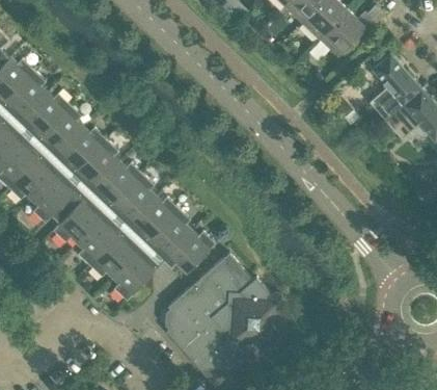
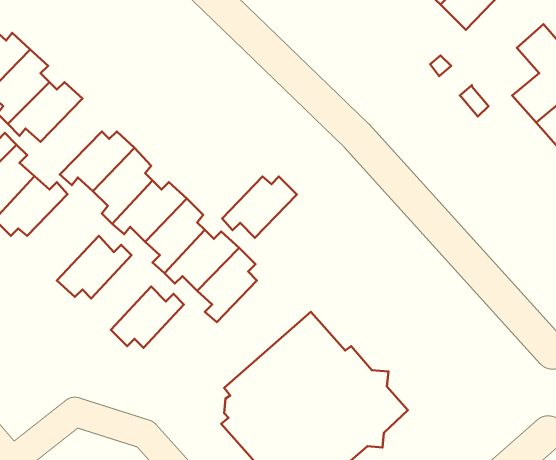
building: [40,105,83,158] -> none
building: [31,172,74,225] -> none
building: [76,214,117,266] -> none
building: [163,232,215,275] -> [222,177,297,238]
building: [112,249,155,302] -> none

